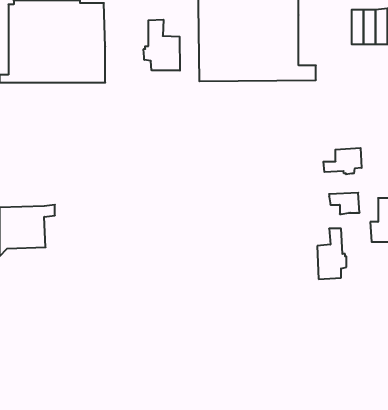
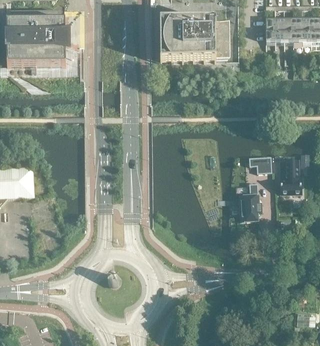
building: [144,20,180,71] -> none
building: [323,148,362,174] -> none

